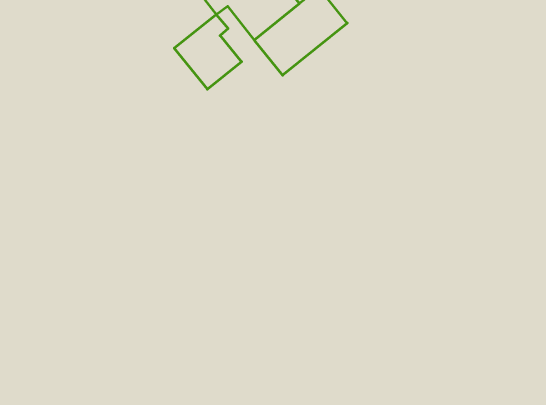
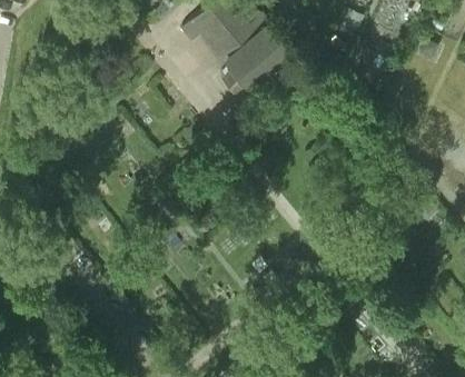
building: [174,15,242,89] -> none

